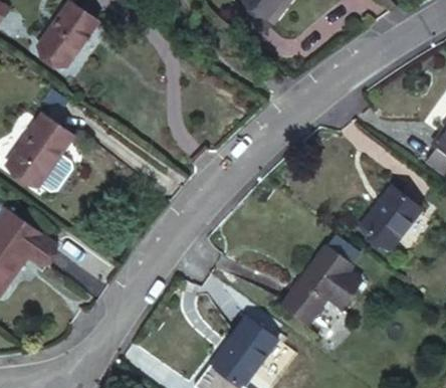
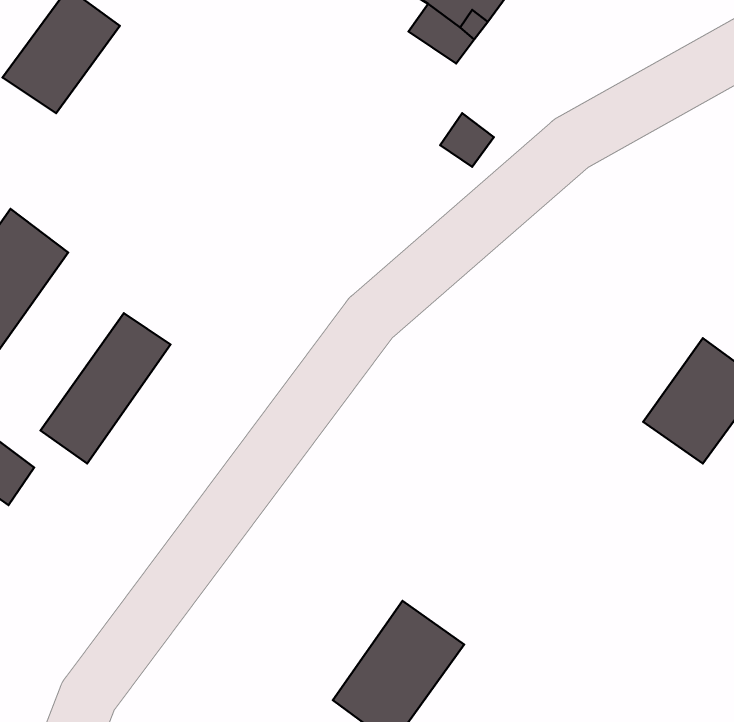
building: none -> [40,313,170,463]
building: [279,244,363,324] -> none

